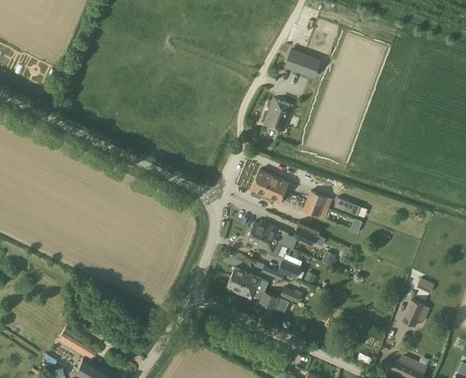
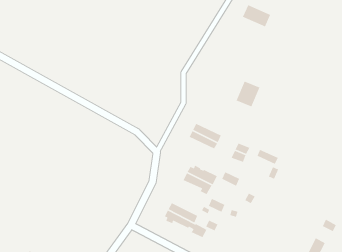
building: [285,49,320,76] -> [242,4,271,28]
building: [264,99,293,131] -> [235,80,260,108]

